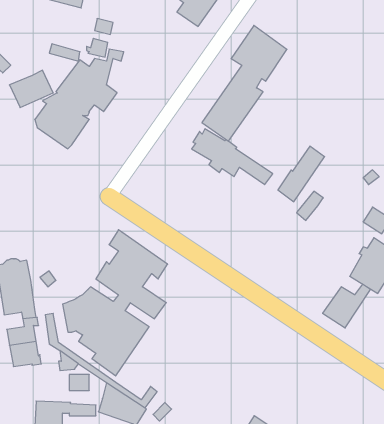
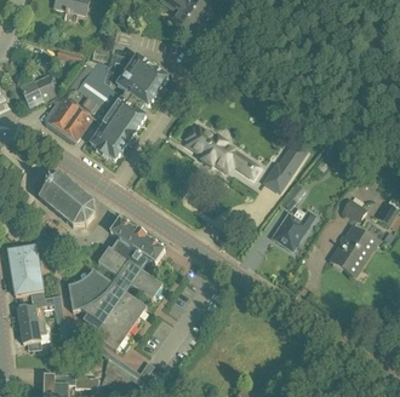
building: [202,25,287,141] -> [88,53,166,159]
building: none -> [38,172,93,224]
building: [323,284,371,328] -> [270,208,314,248]

